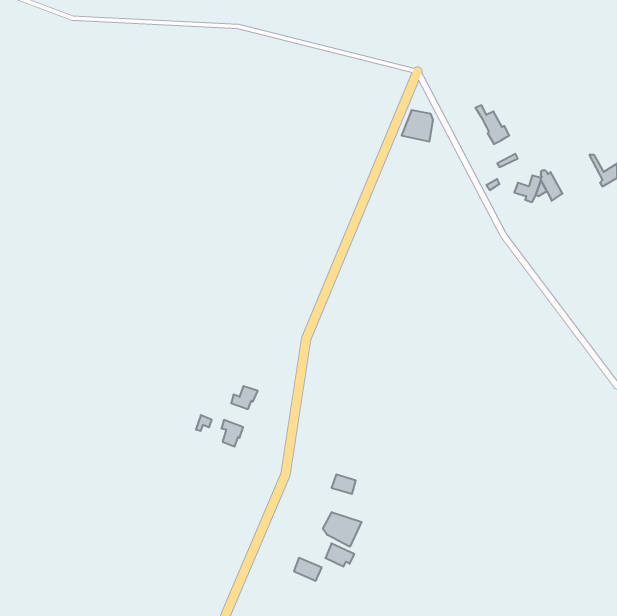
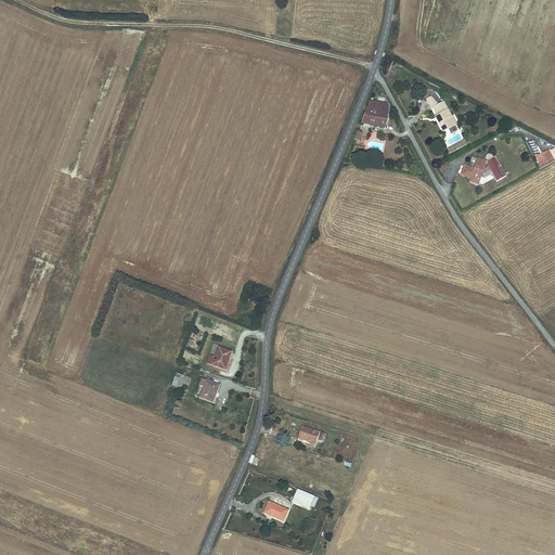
building: [323,512,362,547] -> none

